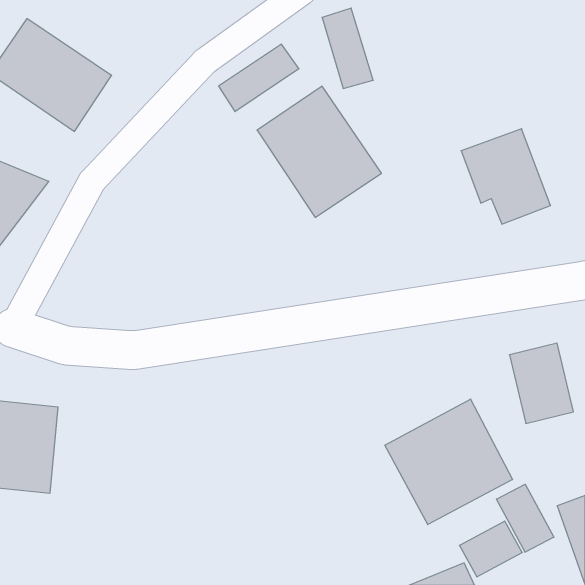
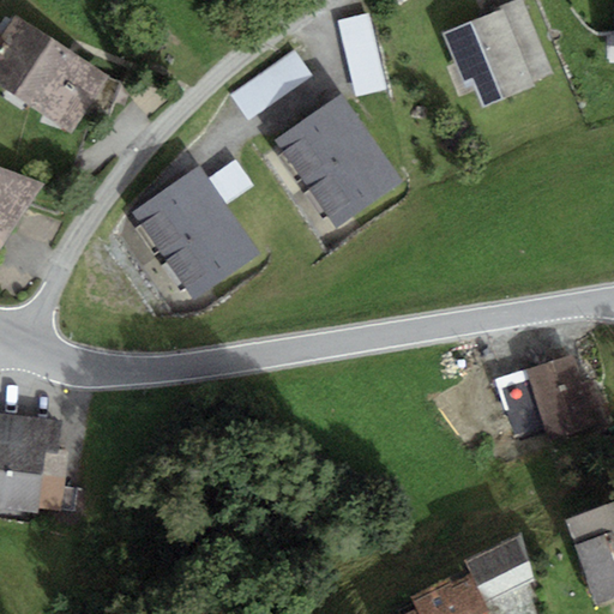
building: [461,129,551,224] -> [441,8,534,107]
building: none -> [133,165,266,302]
building: [385,399,513,525] -> none
building: [496,484,554,552] -> none

